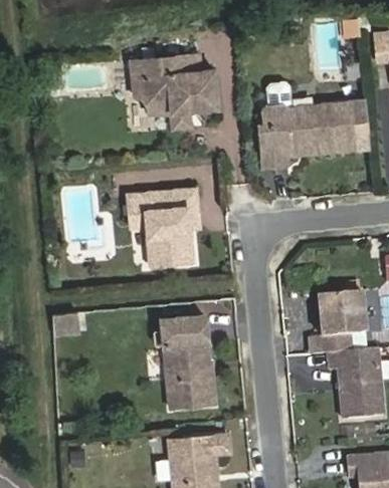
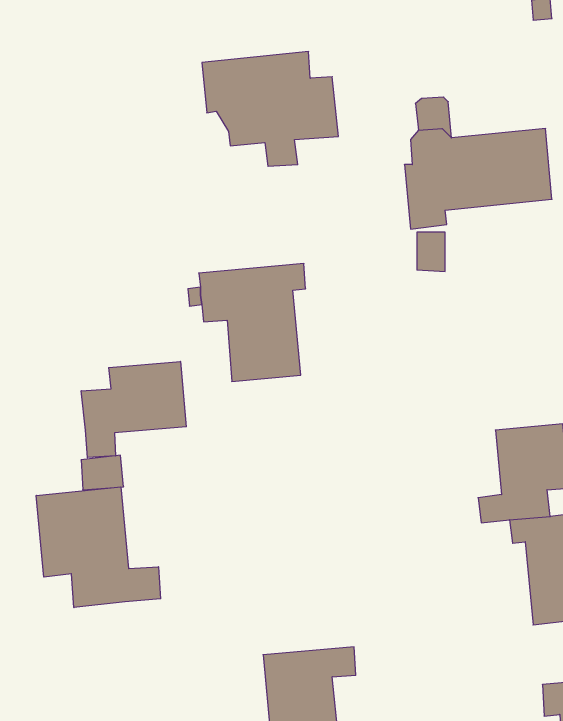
building: none -> [81,361,186,458]
building: [163,314,215,409] -> none
building: none -> [36,487,161,608]

